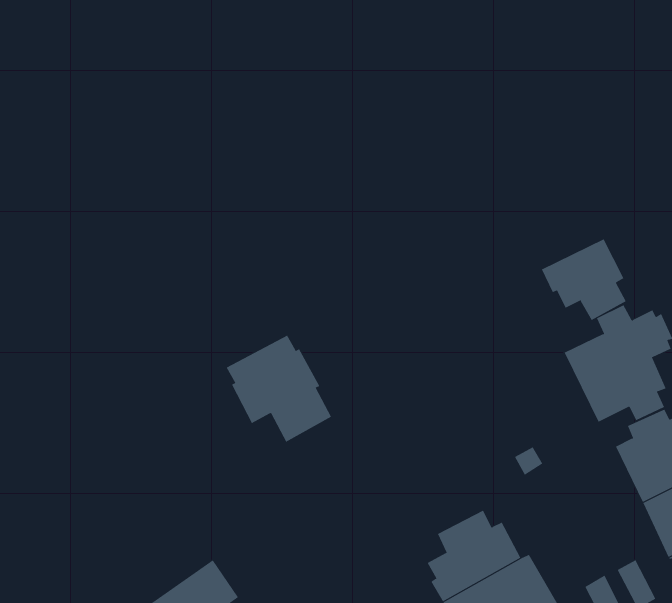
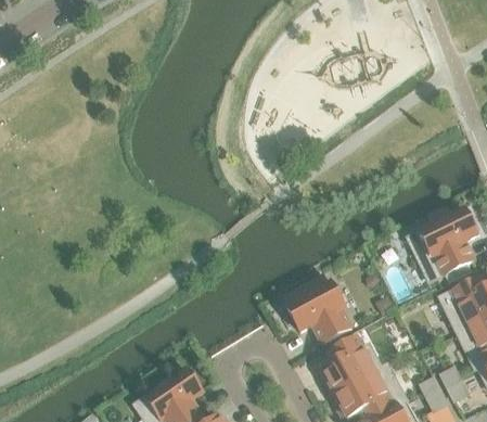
building: [541,239,627,321] -> none
building: [226,335,332,443] -> [284,274,351,343]

